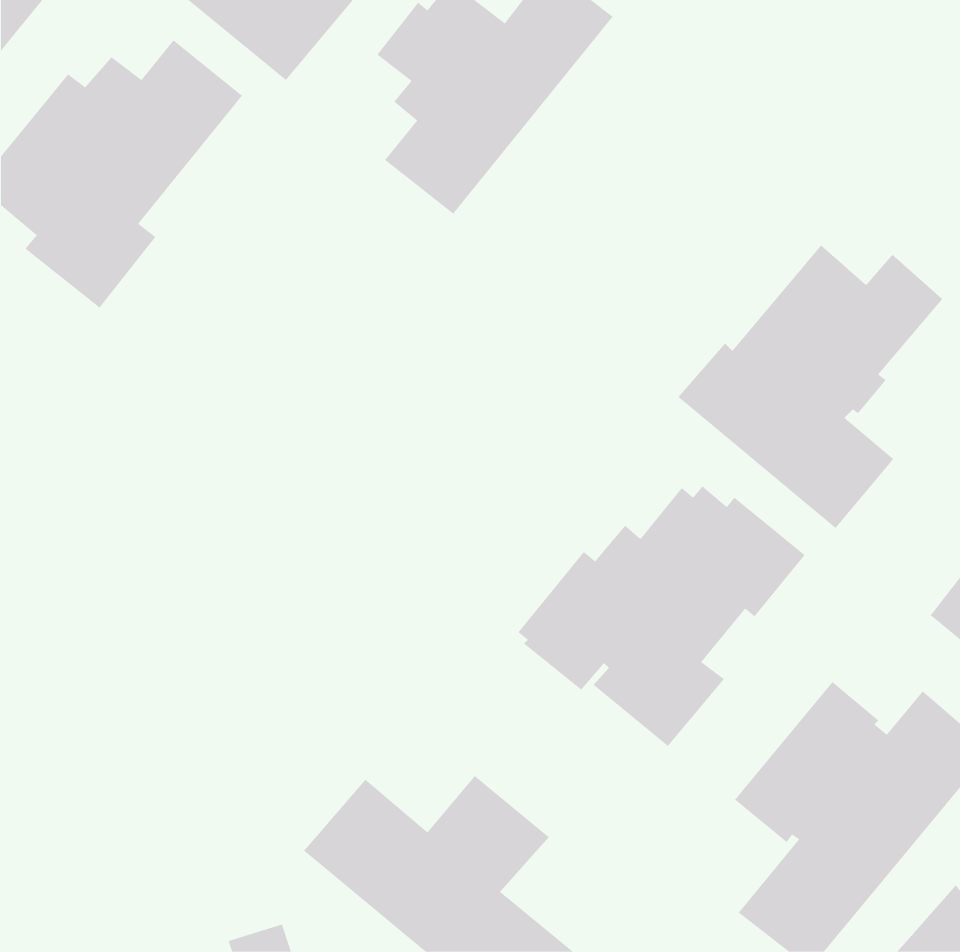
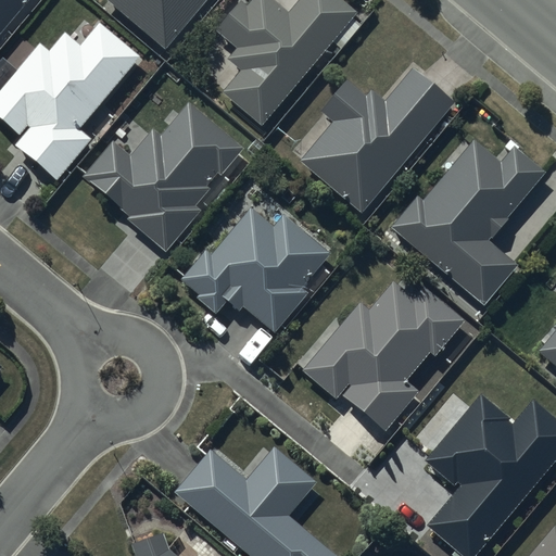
building: none -> [301,68,454,212]
building: none -> [87,102,242,251]
building: none -> [181,207,330,331]

